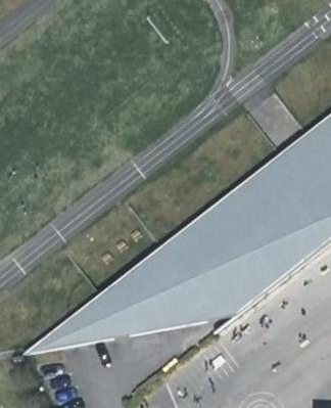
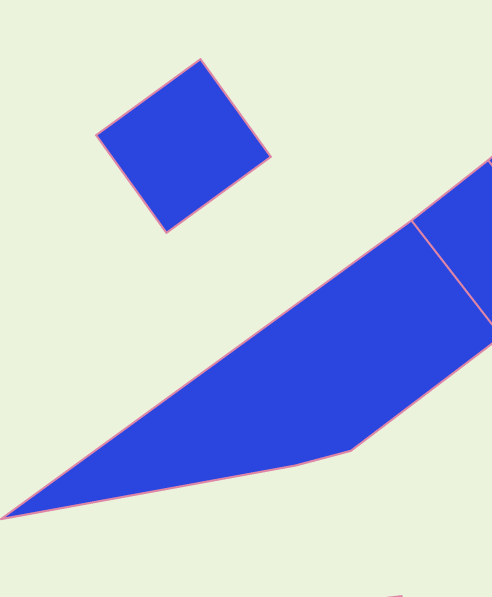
building: none -> [96,59,271,233]

